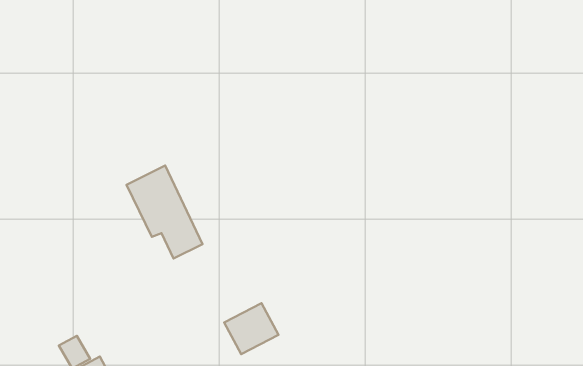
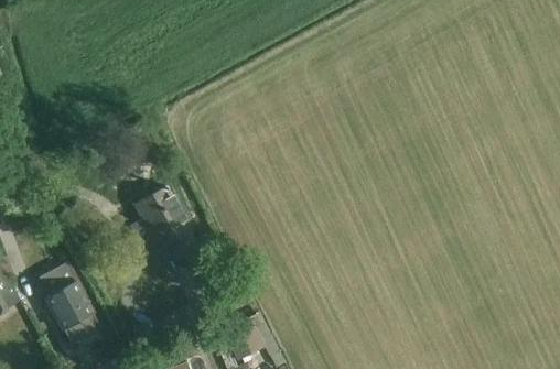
building: none -> [36,263,101,344]

